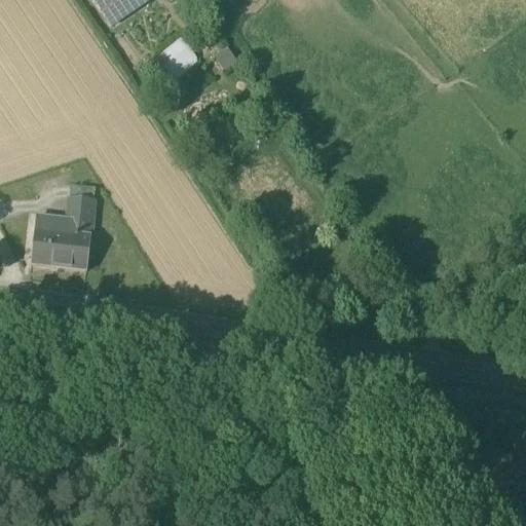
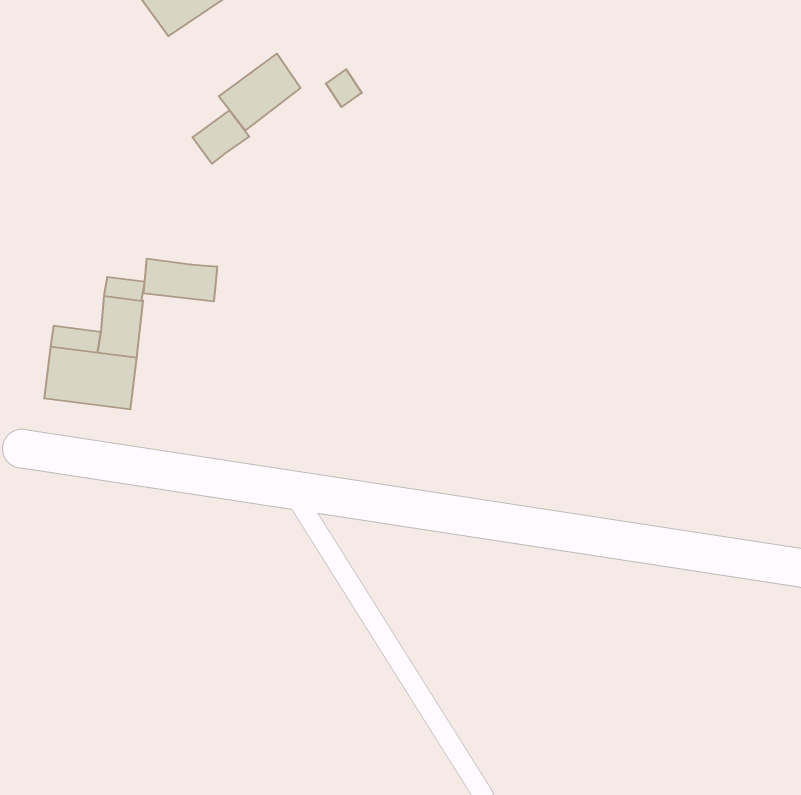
building: none -> [192,110,249,164]
building: none -> [143,259,217,301]

